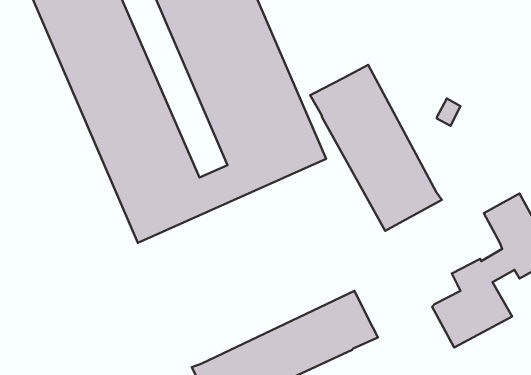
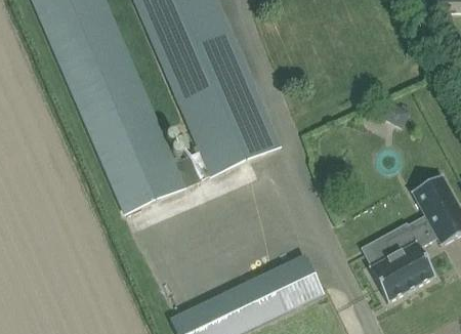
building: [310,65,442,231] -> none

